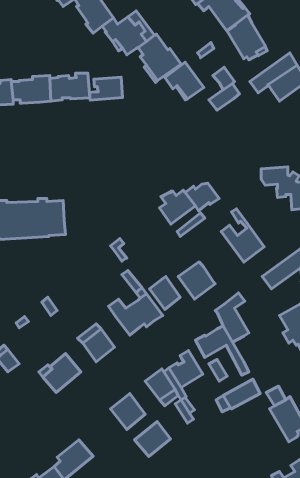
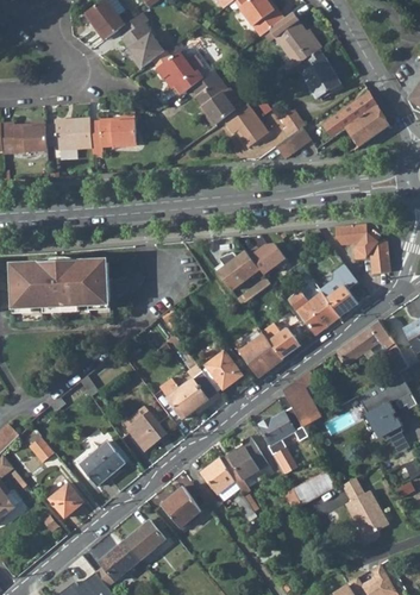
building: [90,77,123,100] -> none
building: none -> [320,265,358,317]
building: none -> [262,322,297,358]
building: none -> [49,483,81,518]
building: [135,421,170,456] -> [124,519,165,559]

